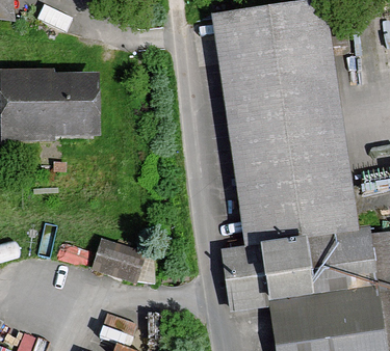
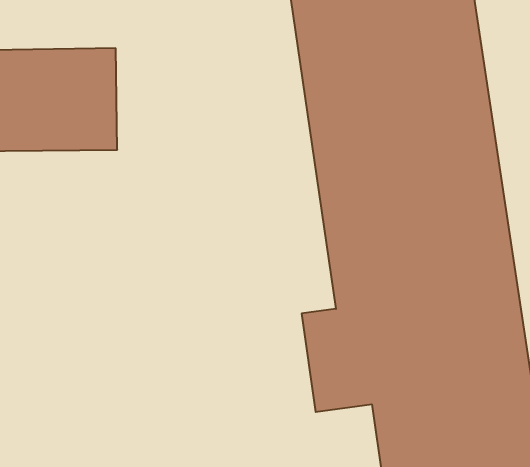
building: [84,238,142,285] -> none

